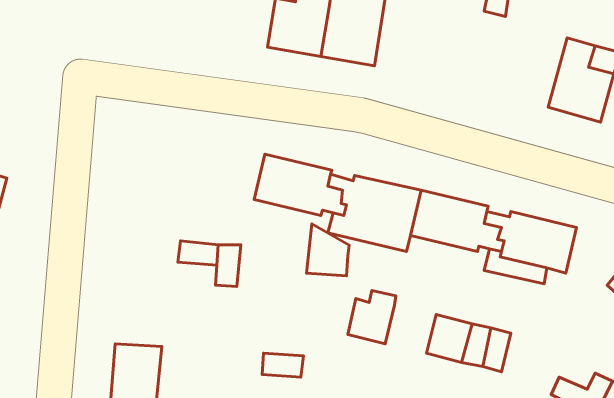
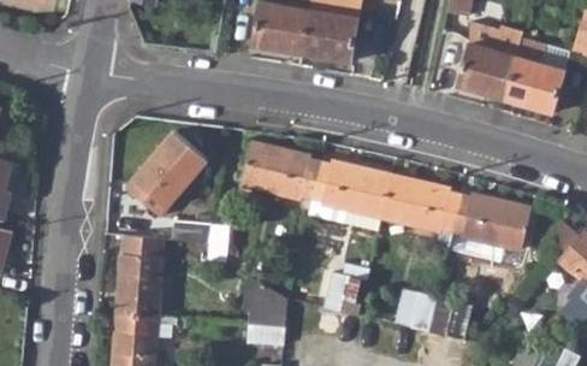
building: none -> [457,24,523,101]
building: none -> [129,135,206,216]
building: [306,224,349,276] -> [249,278,287,325]
building: none -> [115,237,164,317]

